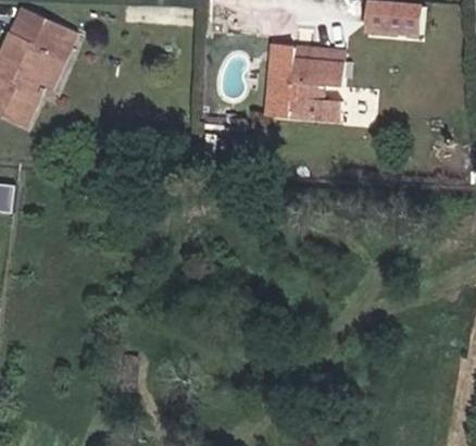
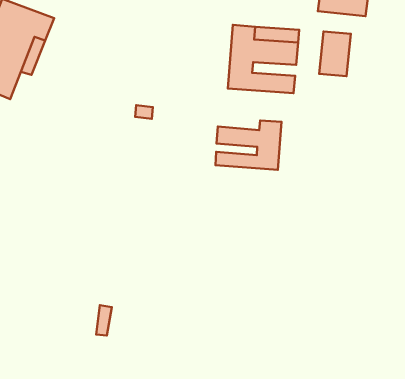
building: none -> [319,32,351,76]
building: none -> [216,120,281,170]

